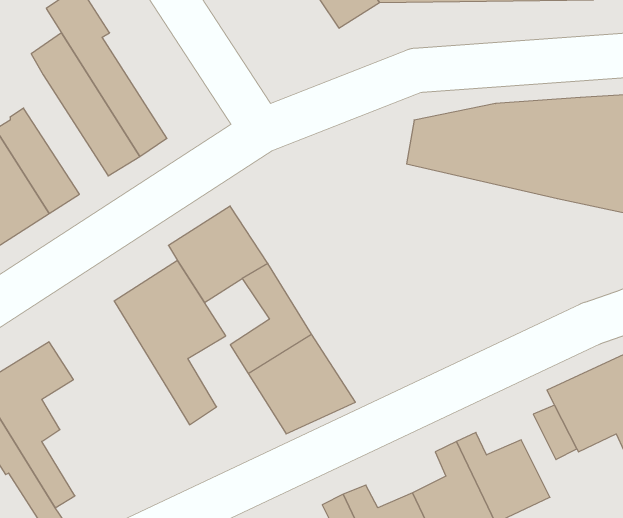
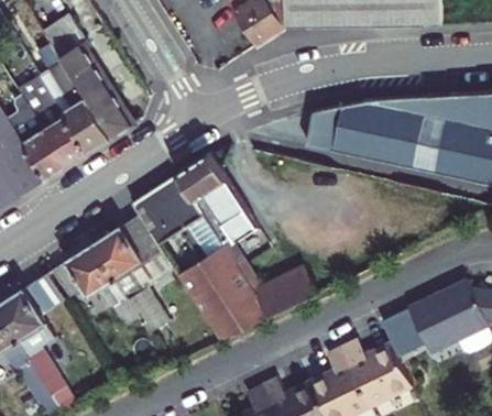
building: none -> [21,78,89,165]
building: none -> [178,154,317,317]
building: none -> [52,243,139,325]

